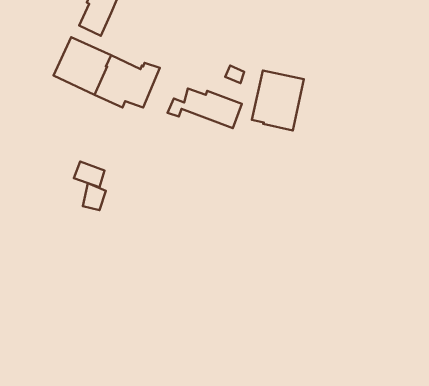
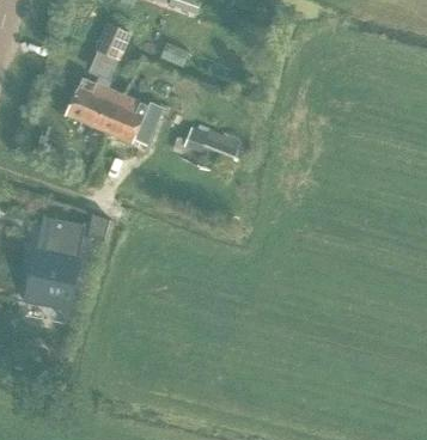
building: [252,70,304,130] -> none
building: none -> [23,213,89,323]

